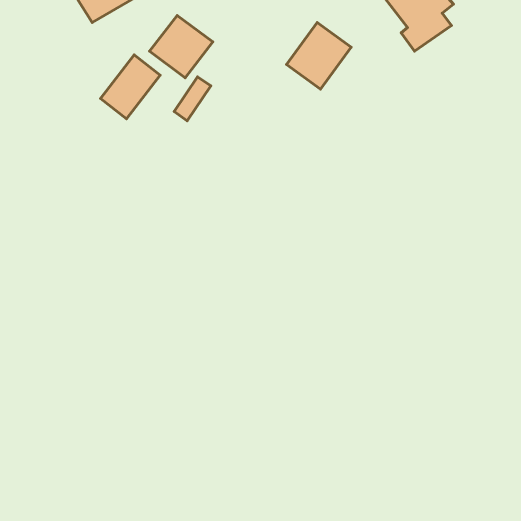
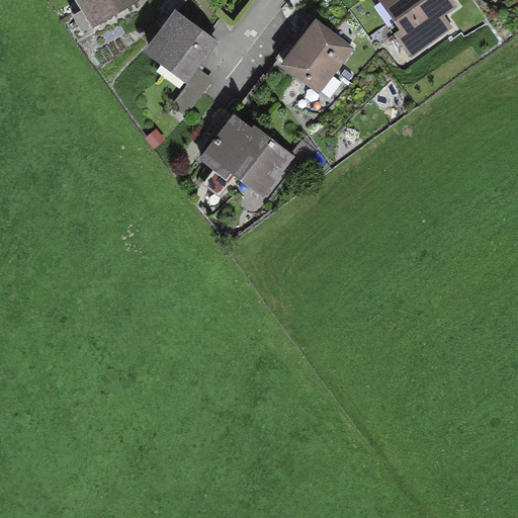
building: [101,55,160,119] -> none
building: none -> [203,117,285,190]

